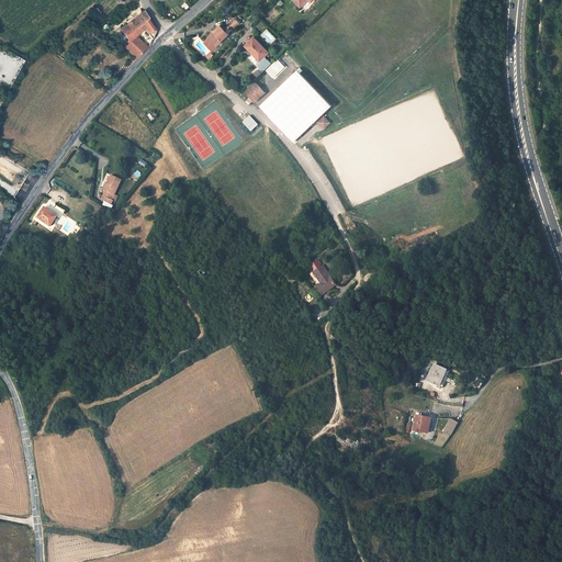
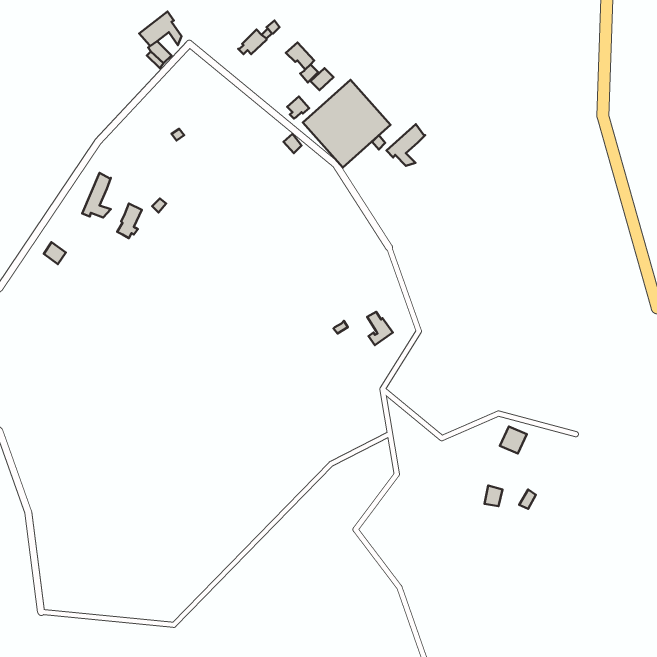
building: none -> [386,124,425,166]
building: none -> [82,173,111,218]

